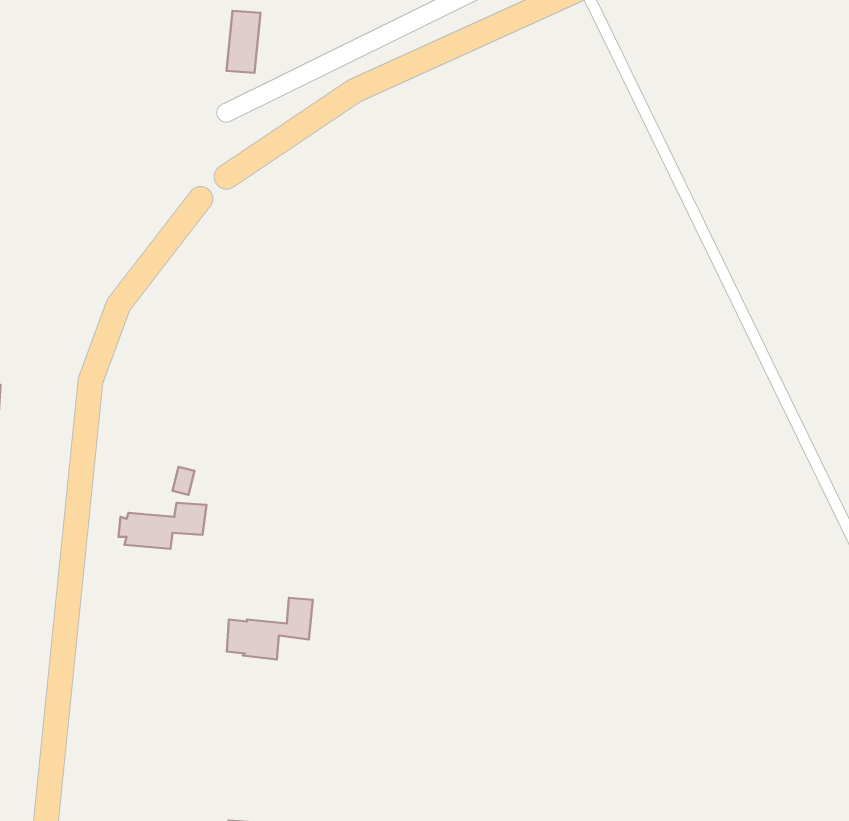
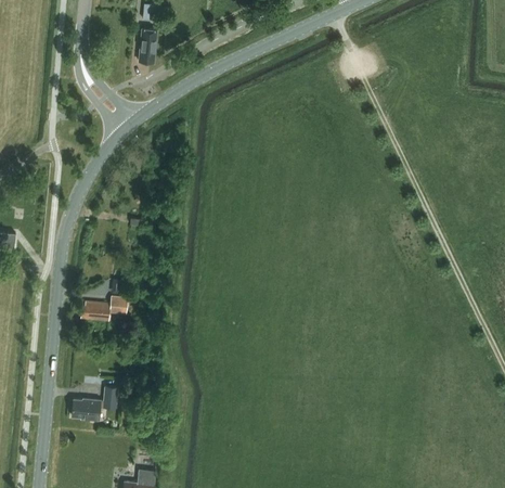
building: [227,598,313,660] -> [70,386,117,420]

